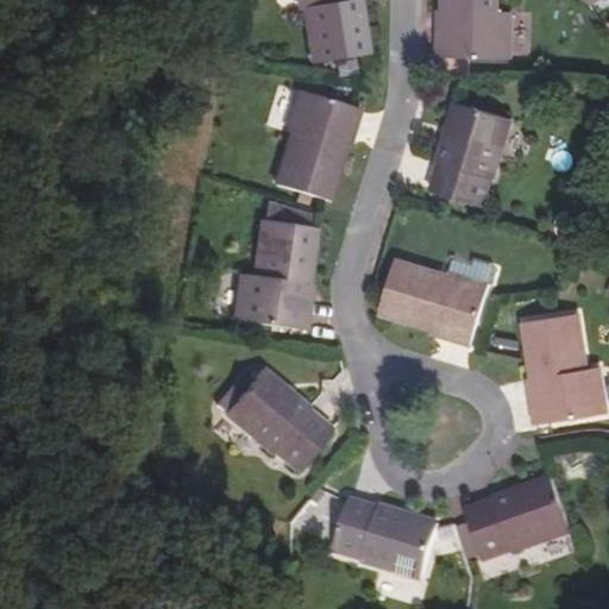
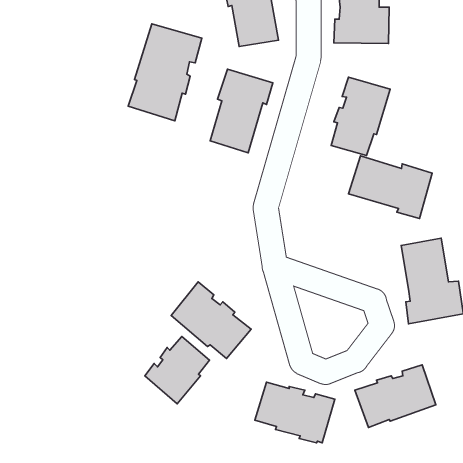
building: none -> [128,24,202,121]
building: [233,221,312,331] -> none
building: [379,260,489,343] -> [349,156,432,219]
building: none -> [145,336,209,404]

